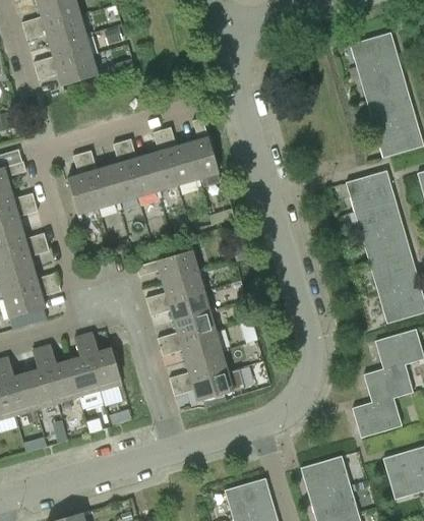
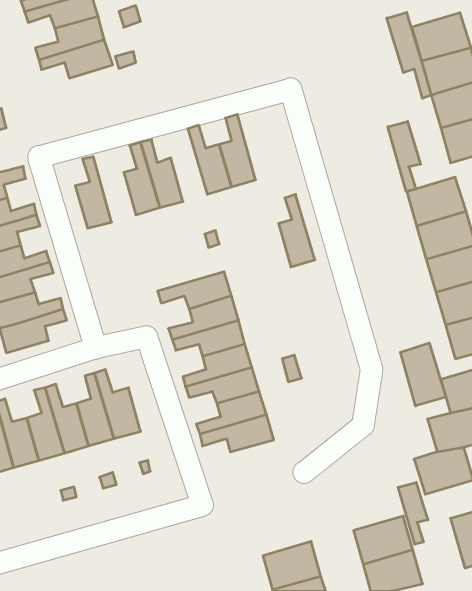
building: none -> [387,12,431,98]
building: none -> [388,121,421,191]
building: [147,130,178,191] -> [279,194,315,267]
building: [82,151,118,209] -> none
building: none -> [400,343,446,406]
building: none -> [398,482,428,544]

